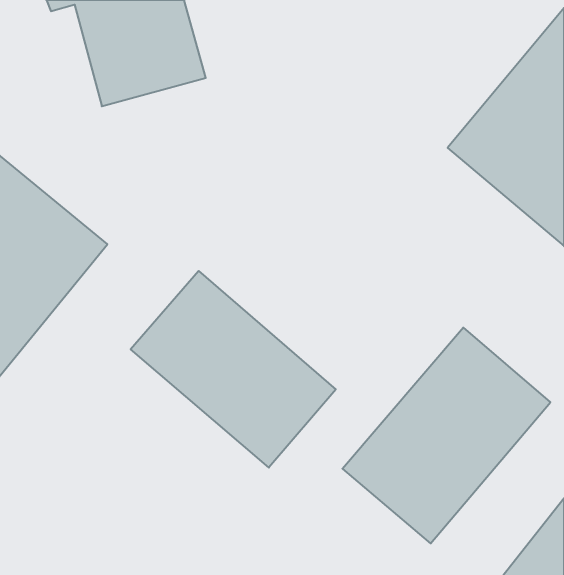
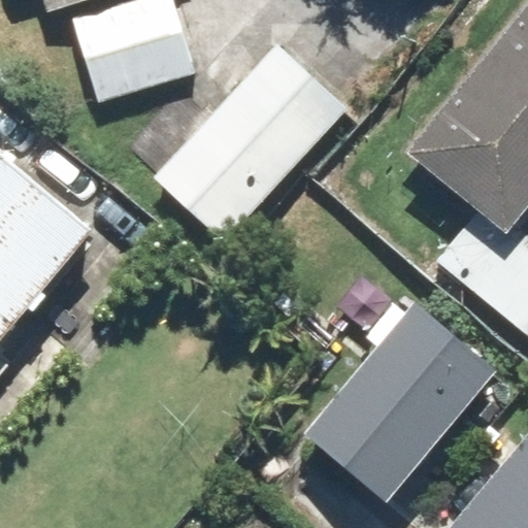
building: none -> [122,45,348,246]
building: [131,271,336,468] -> none

